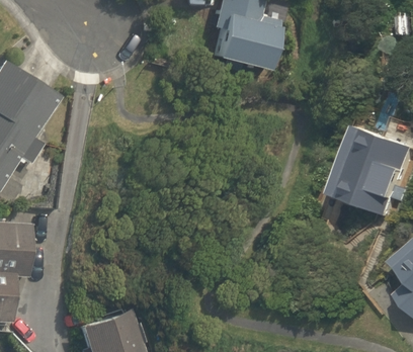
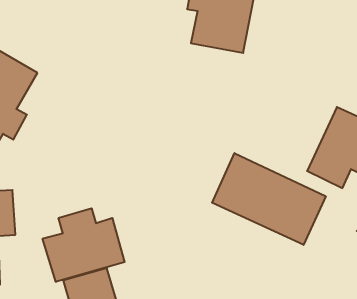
building: none -> [212,153,326,245]
building: none -> [43,208,125,282]

